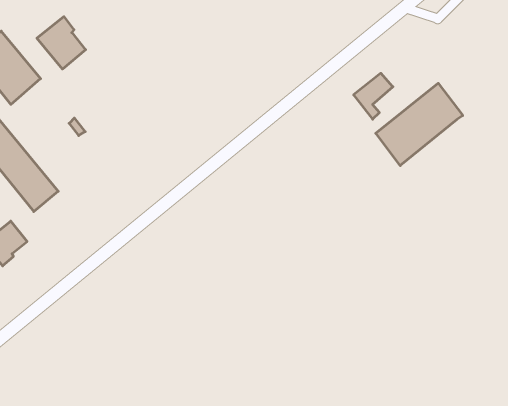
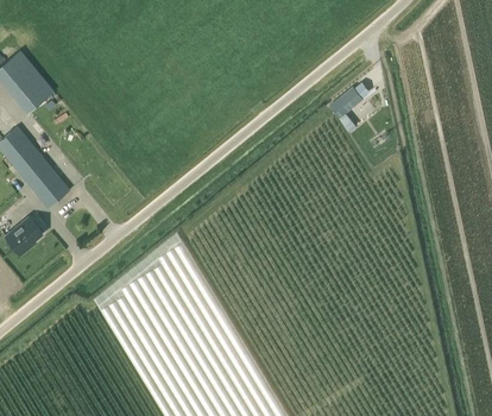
building: [37,17,86,69] -> none
building: [376,83,463,166] -> none

